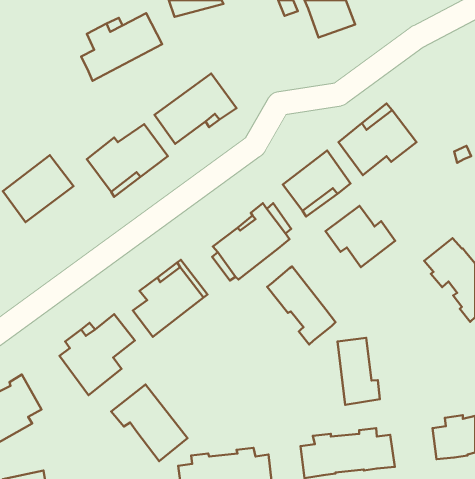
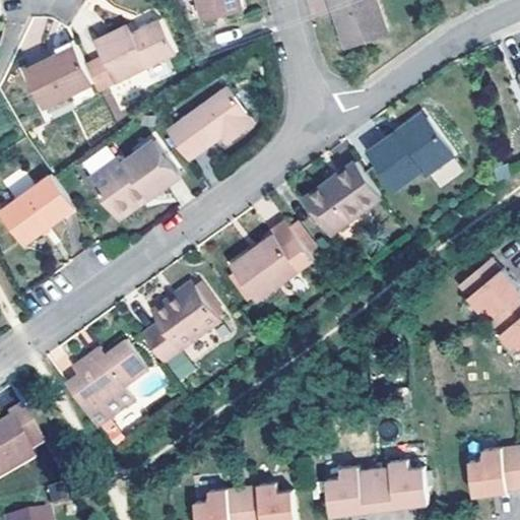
building: none -> [26,43,95,105]
building: [325,206,395,267] -> none
building: [267,267,335,345] -> none
building: [338,338,380,405] -> none
building: [111,385,188,461] -> none

